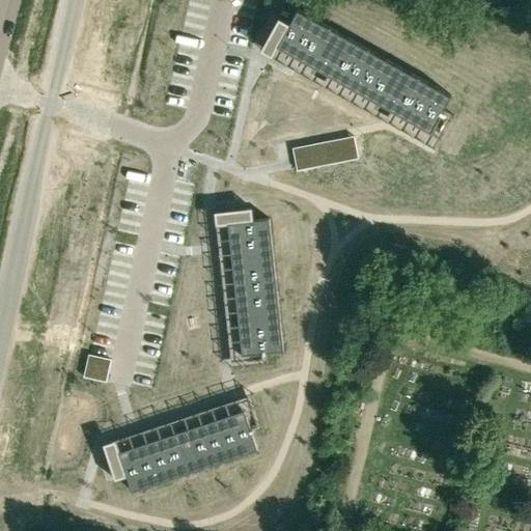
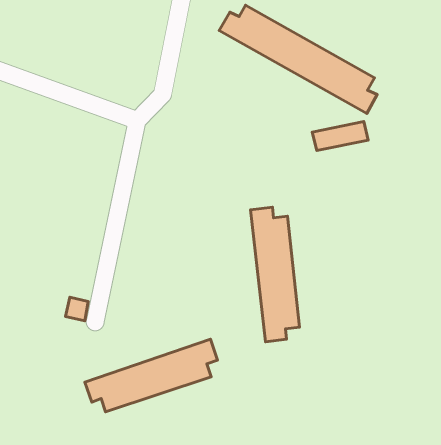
building: [286,134,353,168] -> [312,122,368,151]
building: [220,205,278,365] -> [251,207,300,342]

